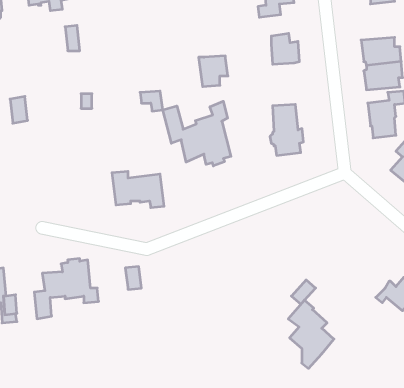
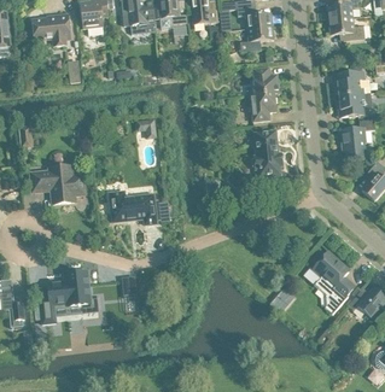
building: [199,56,228,87] -> [250,93,276,121]
building: [163,101,231,166] -> none
building: none -> [31,164,84,203]
building: [288,300,334,368] -> [314,250,355,311]

